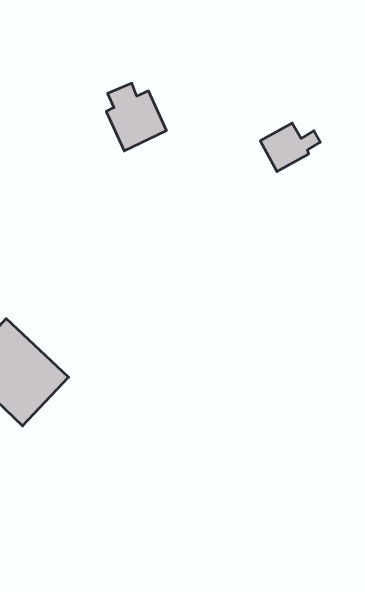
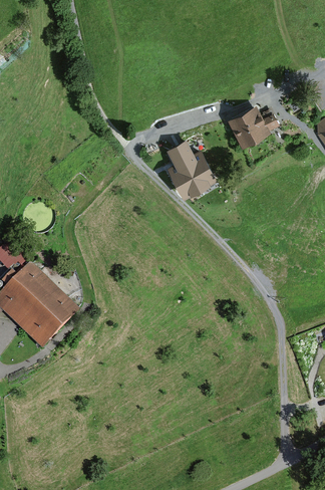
building: [106,83,166,151] -> [168,142,215,195]

